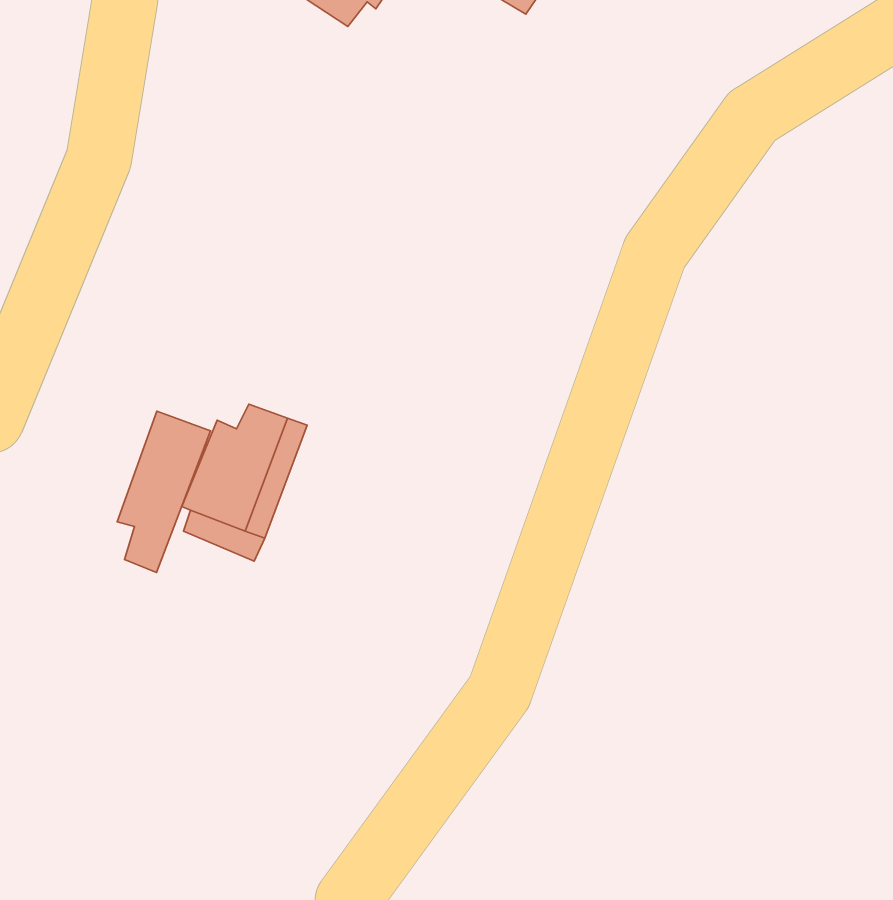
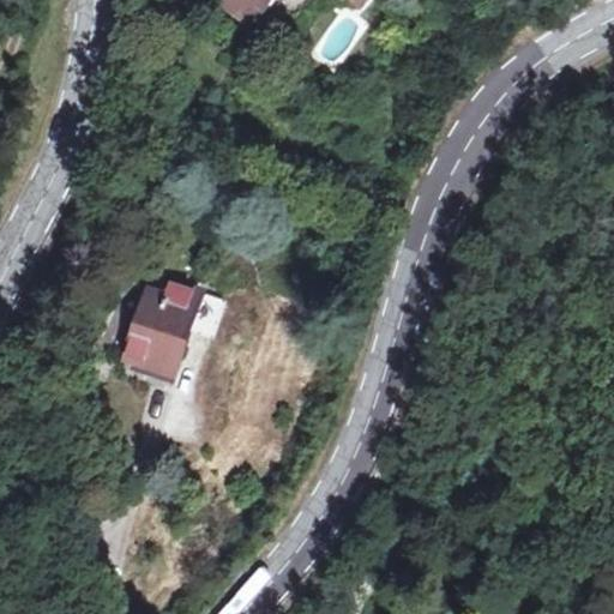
building: [117,411,211,572] -> none

